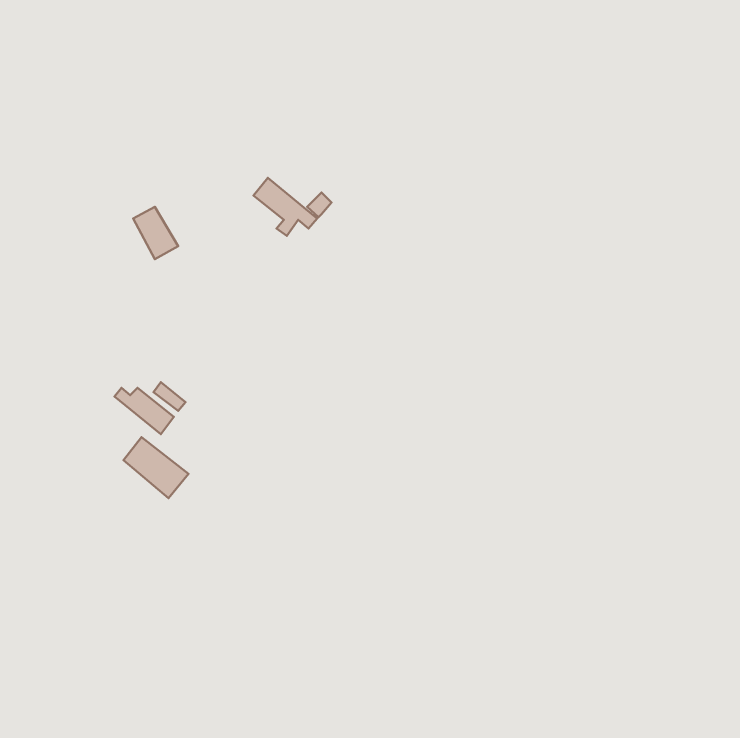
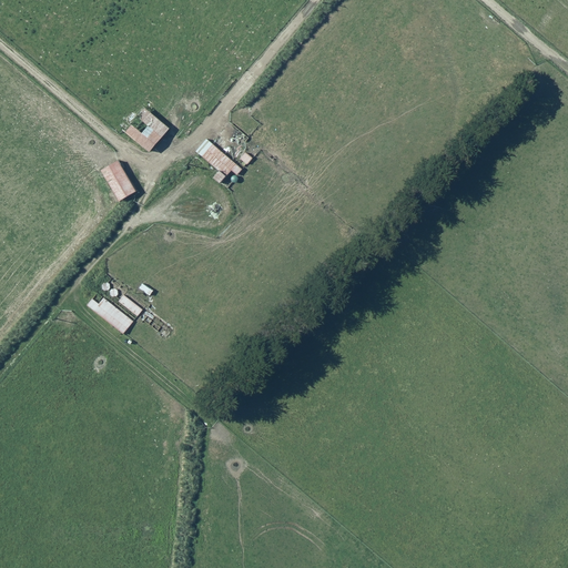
building: none -> [120,103,169,151]
building: [124,437,188,498] -> none

